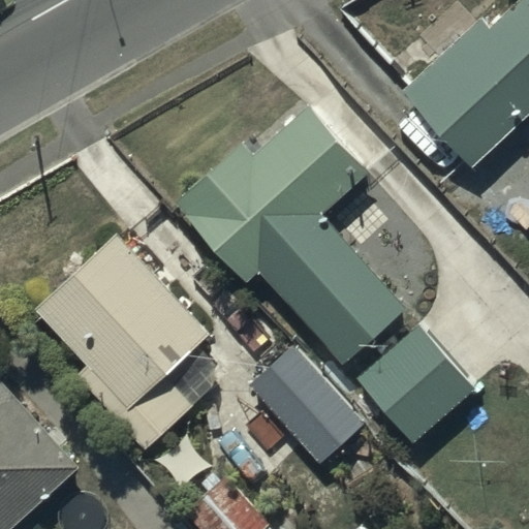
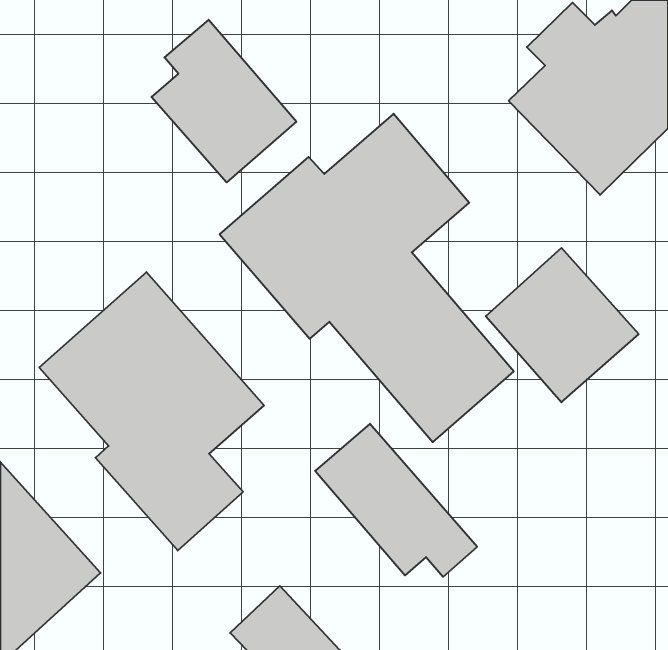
building: none -> [151,20,296,182]
building: [356,324,477,446] -> [486,248,639,402]

